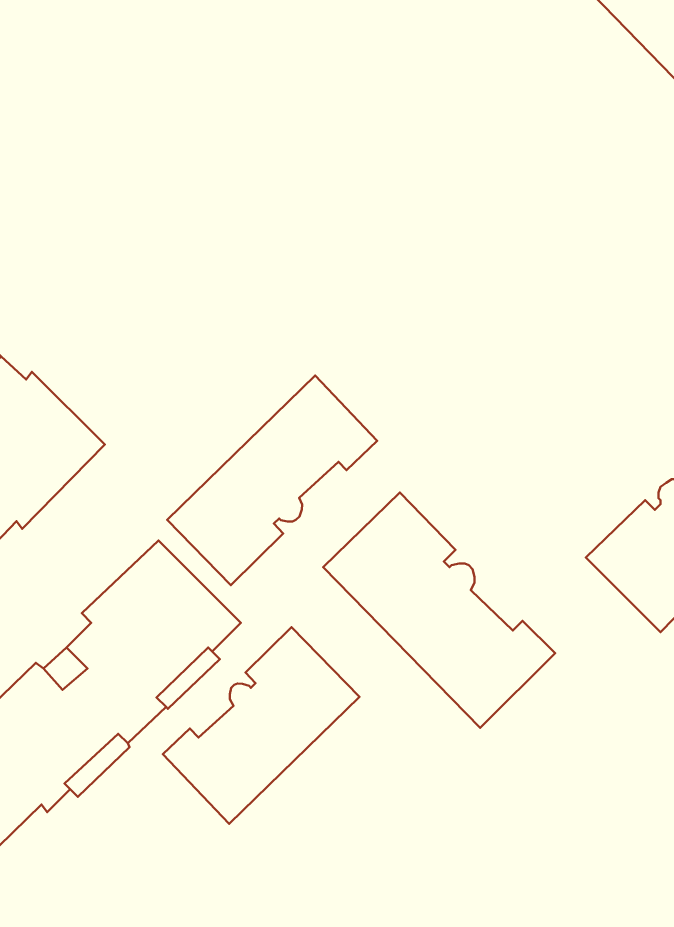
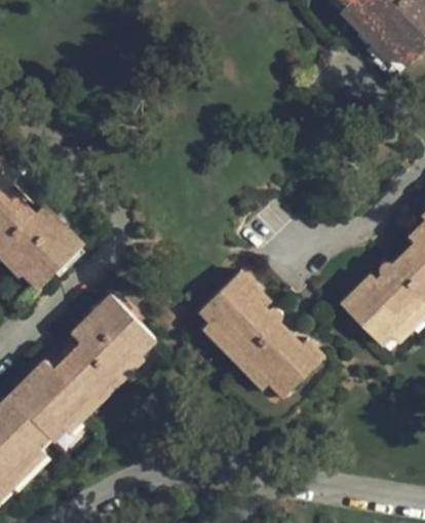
building: [167,376,377,585] -> none
building: [163,627,360,824] -> none

